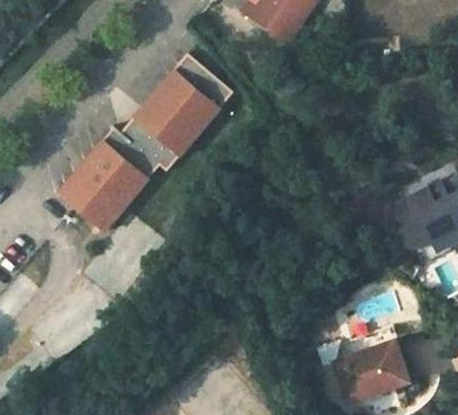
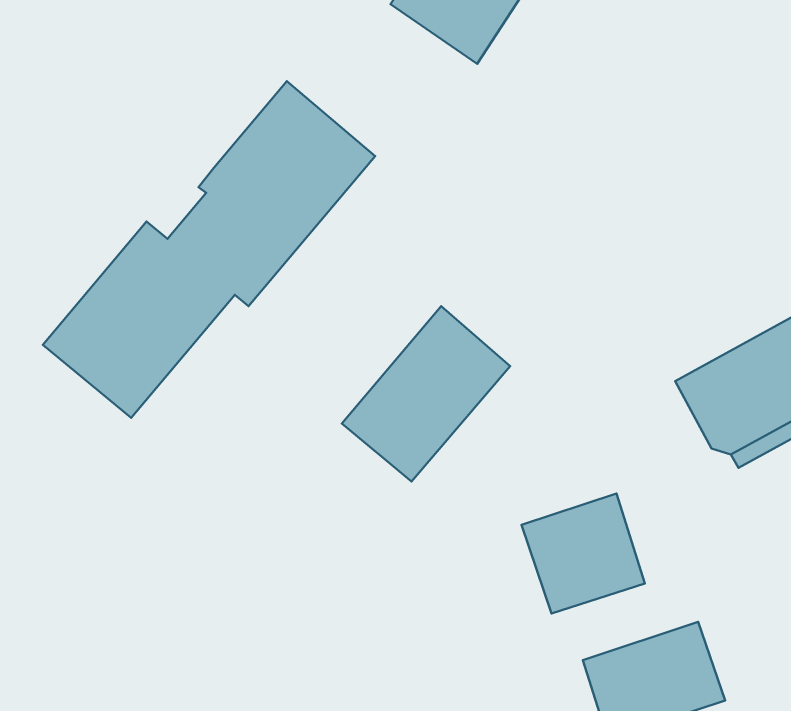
building: none -> [342,306,510,481]
building: none -> [522,494,645,613]

